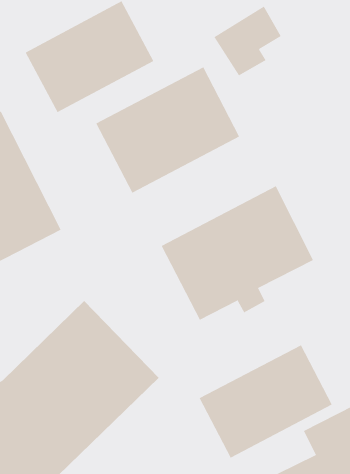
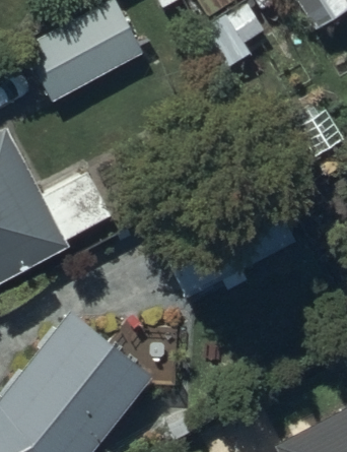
building: [96,67,240,193] -> none
building: [199,344,332,458] -> none

